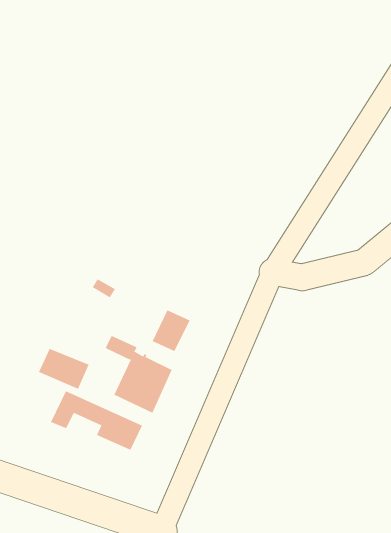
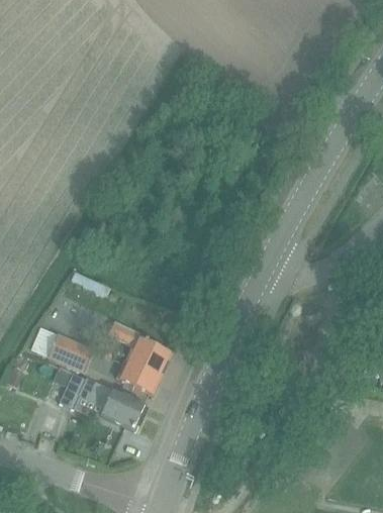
building: [152,309,190,352] -> none

